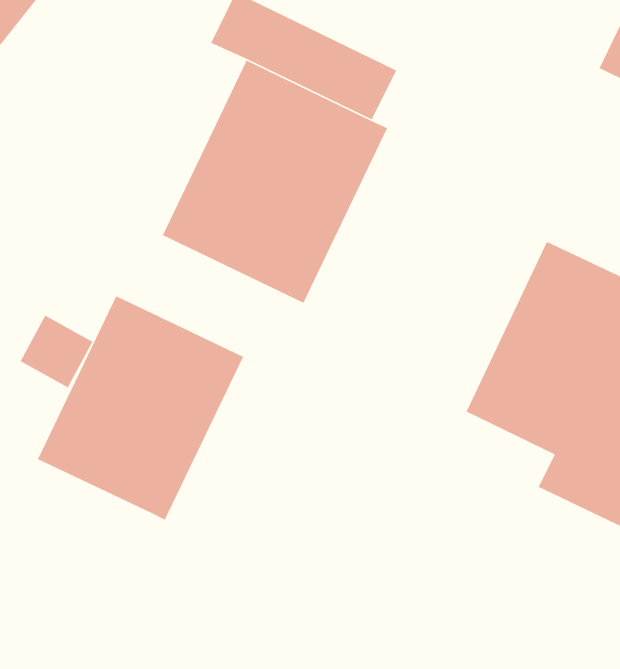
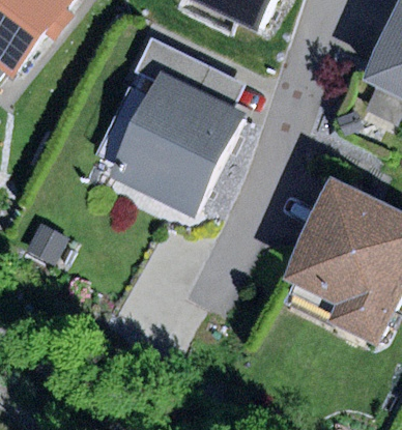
building: [37,295,244,521] -> none

